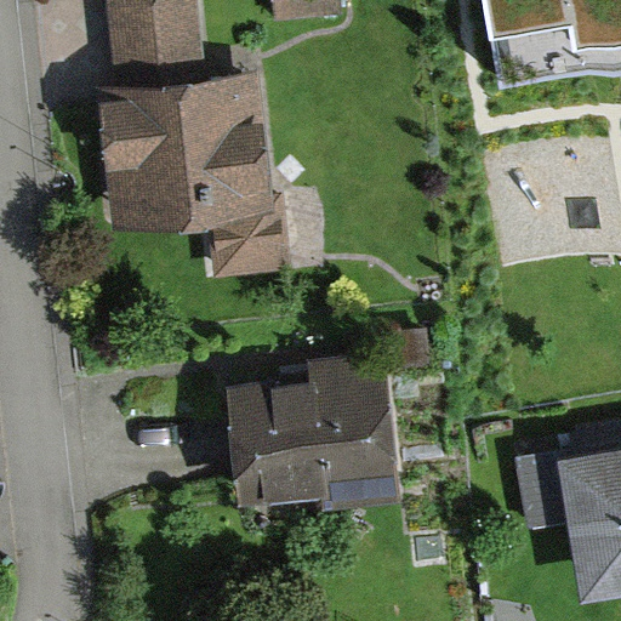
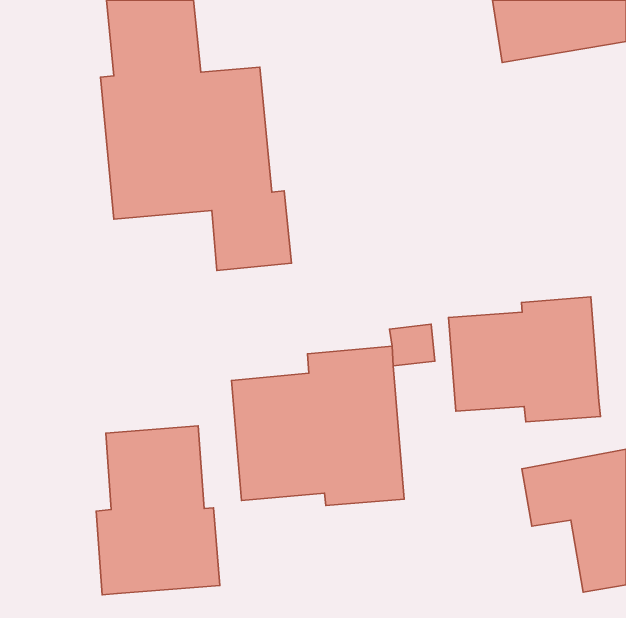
building: none -> [449,297,600,422]
building: none -> [96,426,220,595]

